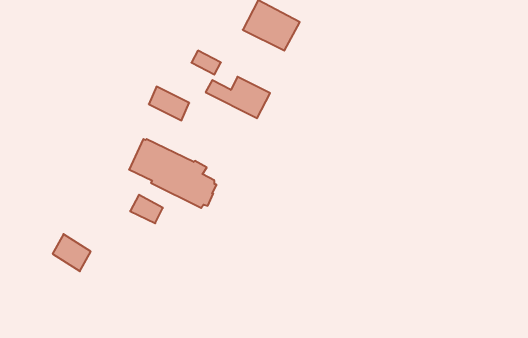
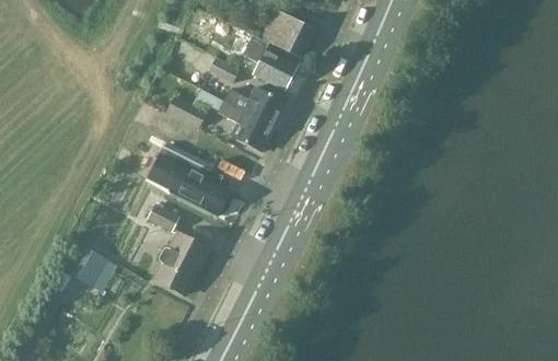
building: none -> [243,34,299,92]
building: none -> [217,100,274,151]
building: none -> [151,230,207,293]

